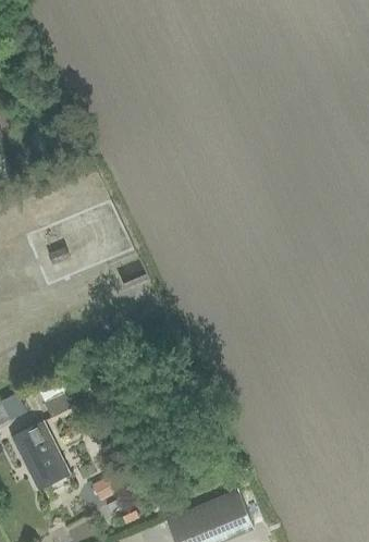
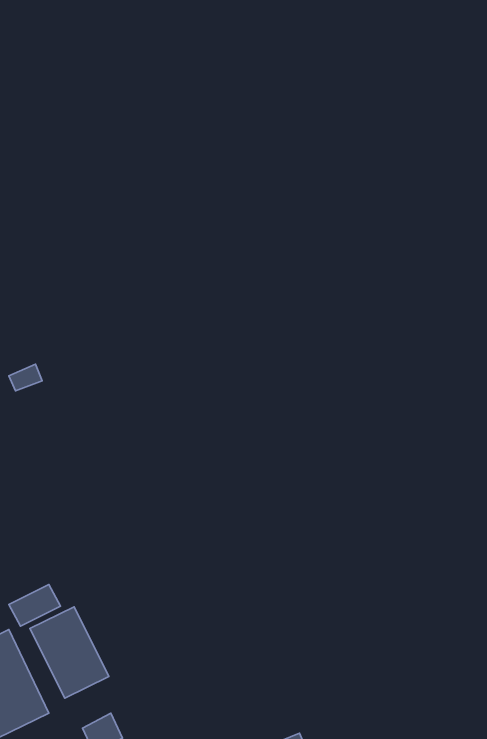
building: none -> [30,607,109,698]

